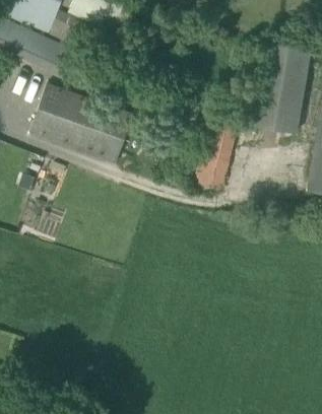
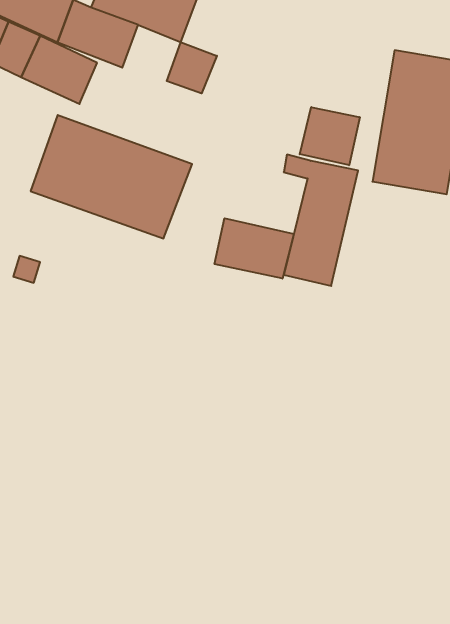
building: none -> [167,42,217,93]
building: none -> [300,107,360,165]
building: none -> [215,218,294,279]

